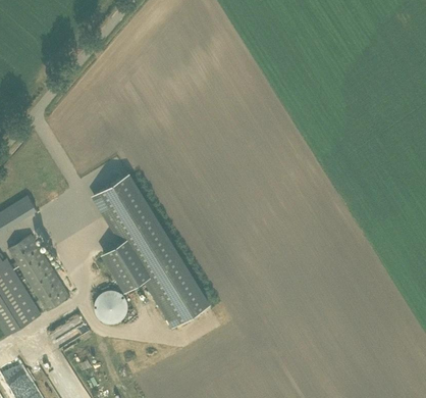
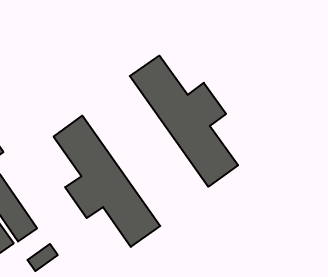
building: none -> [130,56,238,187]
building: [95,291,128,325] -> none

